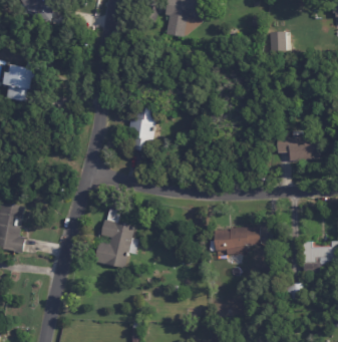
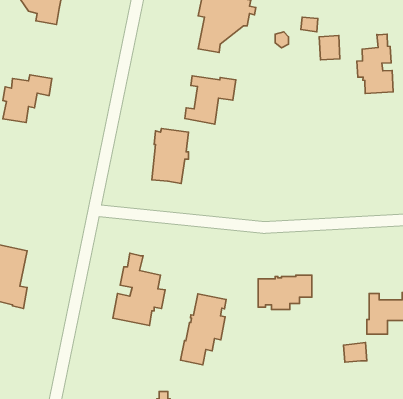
building: none -> [357,34,393,93]
building: none -> [185,76,236,124]
building: [276,138,318,162] -> none
building: none -> [181,294,226,365]

